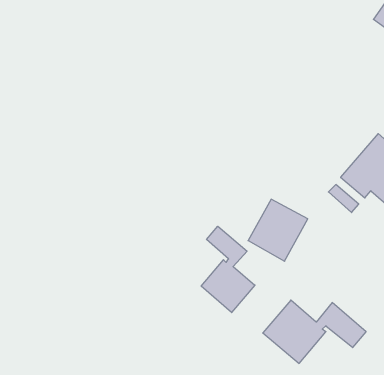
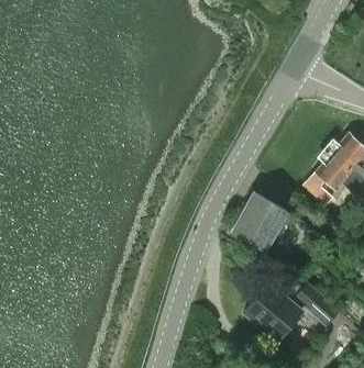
building: [201,226,255,313] -> none

